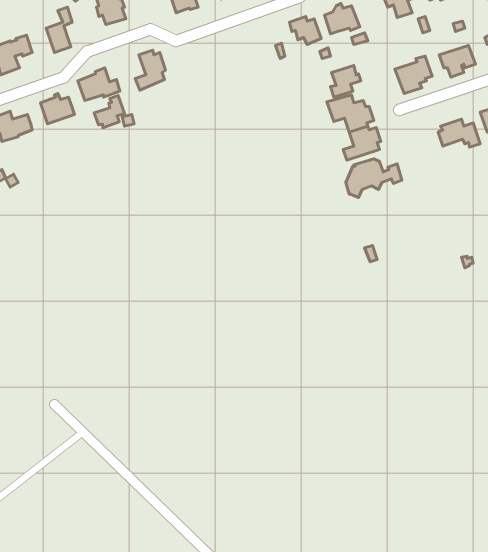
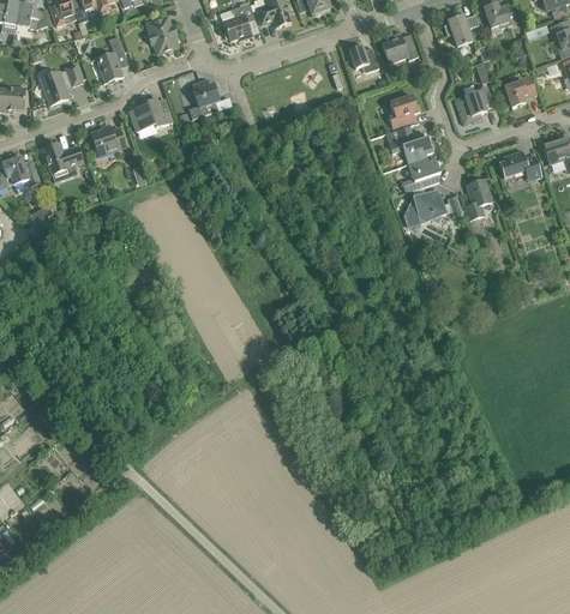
building: [94,96,125,128] -> none
building: none -> [464,177,491,219]

